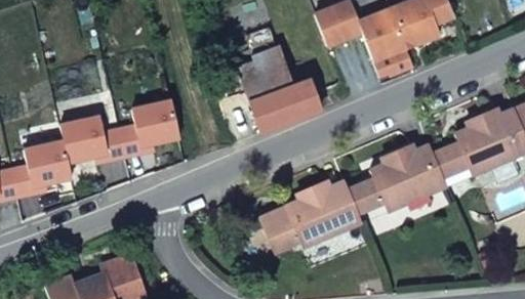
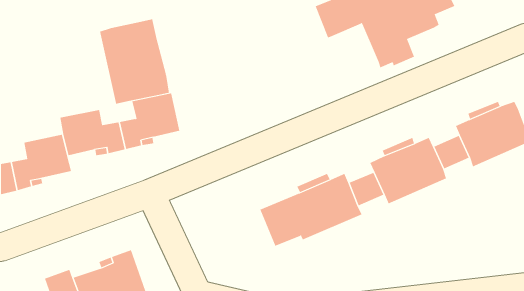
building: [238,26,319,133] -> none
building: none -> [100,19,170,104]

